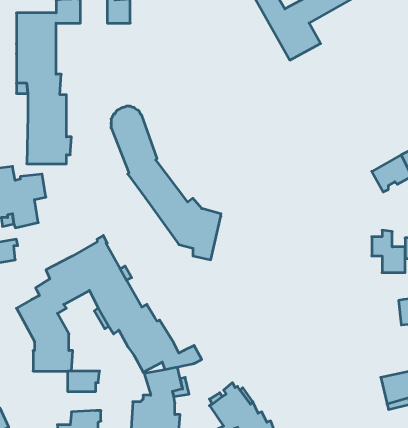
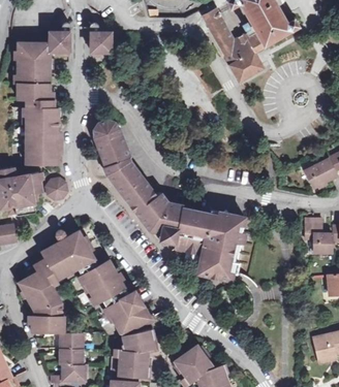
building: none -> [45,175,70,199]
building: none -> [174,207,244,280]
building: none -> [59,349,84,365]

